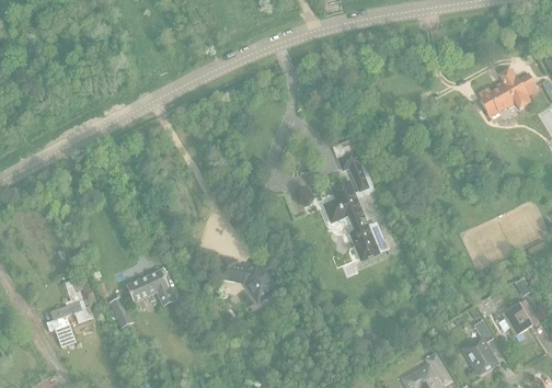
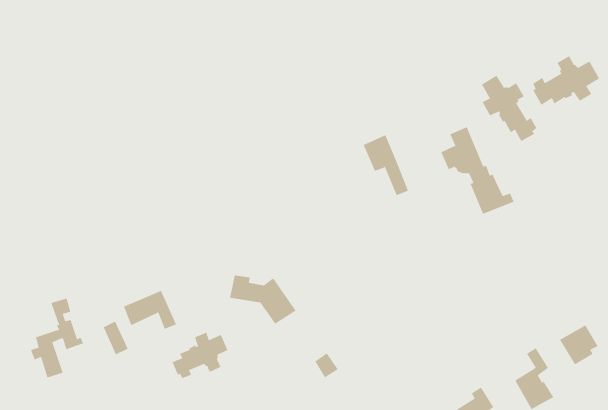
building: none -> [481,75,537,142]
building: [324,183,388,259] -> [441,127,514,214]
building: none -> [172,332,228,379]

